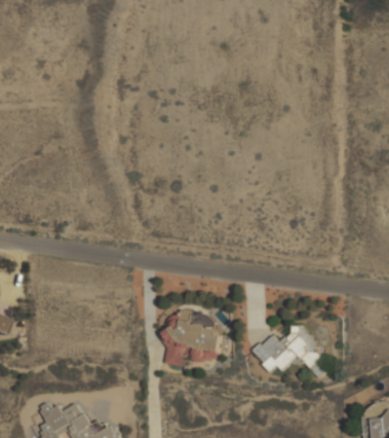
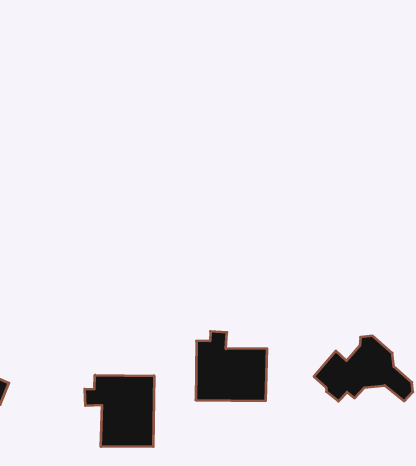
building: none -> [85,375,154,447]

